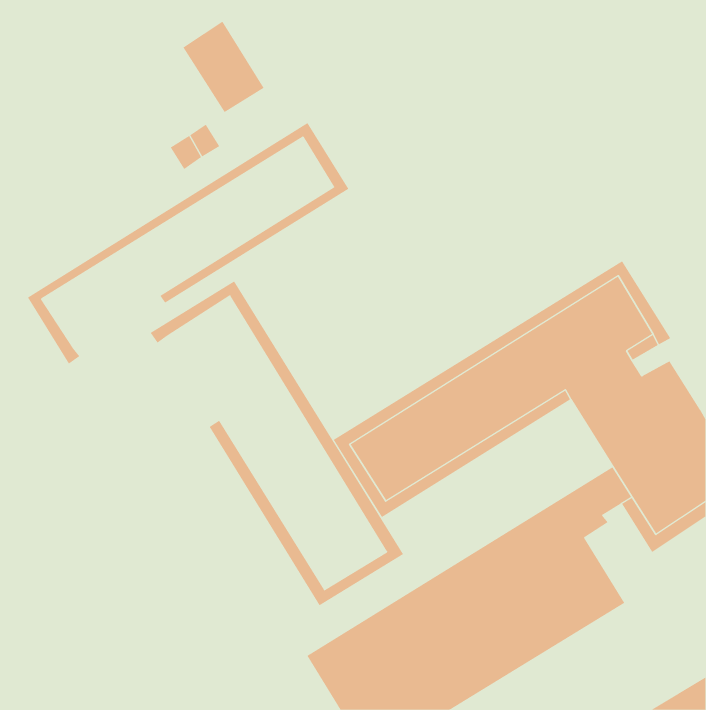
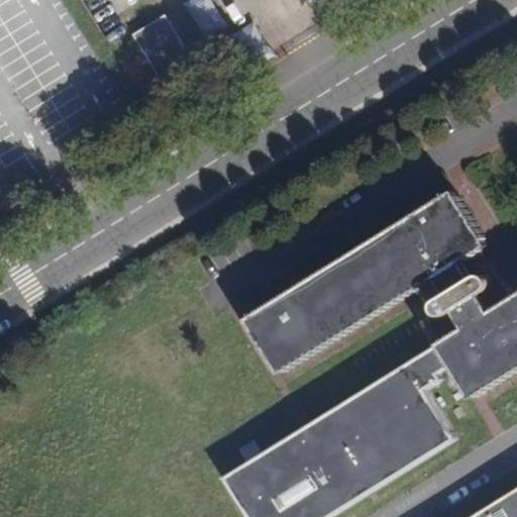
building: [27,122,349,365] -> none
building: [150,281,404,606] -> none

